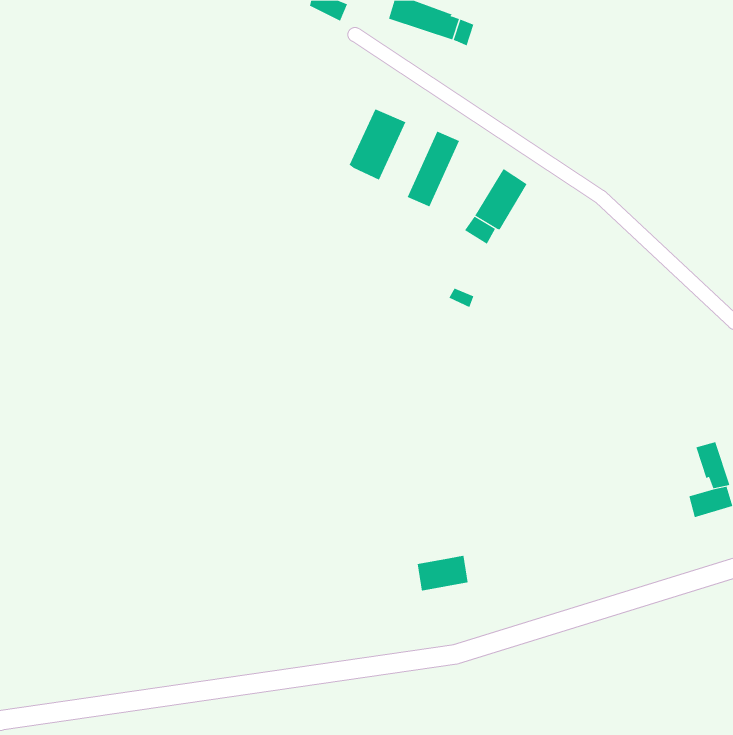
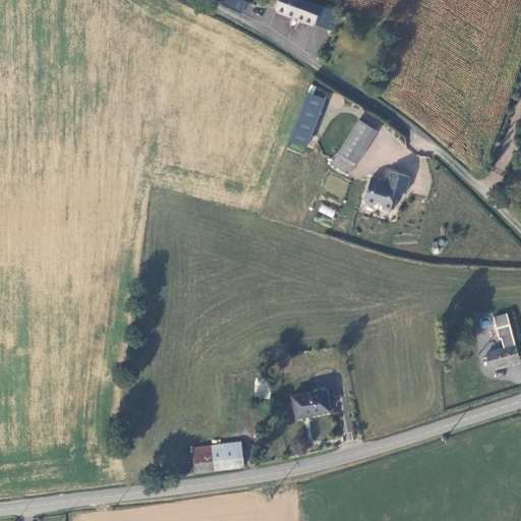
building: [349,109,406,180] -> none
building: none -> [364,167,410,207]
building: none -> [195,444,245,464]

